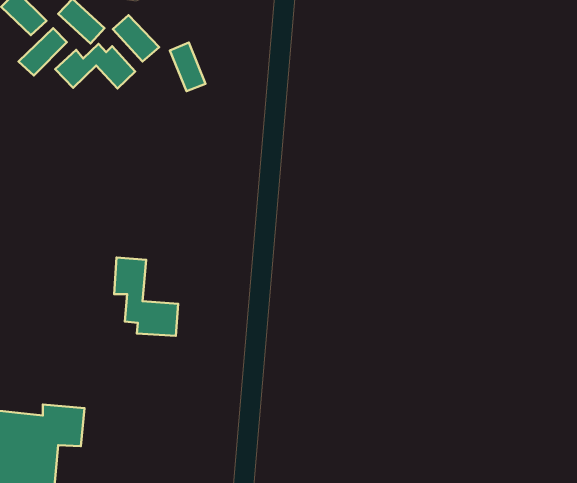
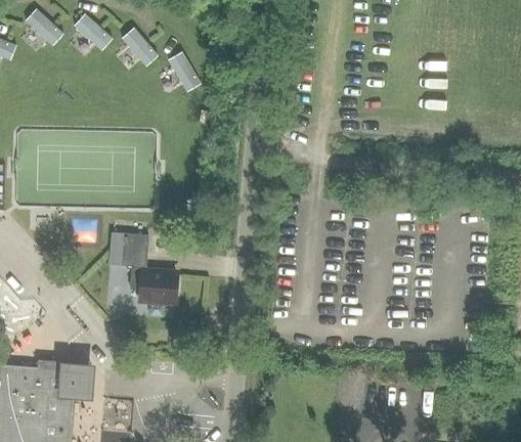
building: [19,28,67,75] -> none
building: [55,44,135,88] -> none

